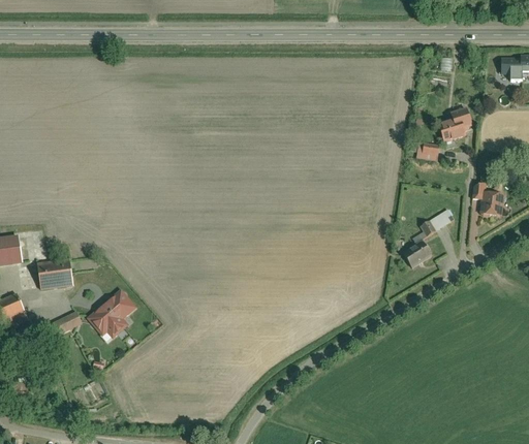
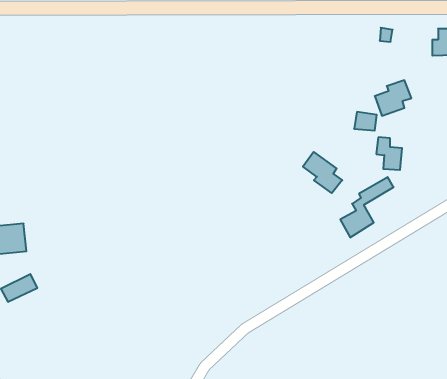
building: [474,181,501,215] -> [376,137,402,170]
building: none -> [303,152,342,193]
building: [86,289,137,344] -> none

